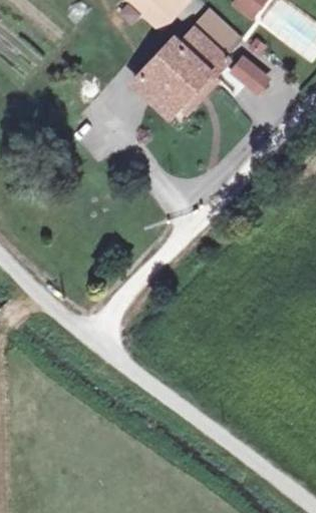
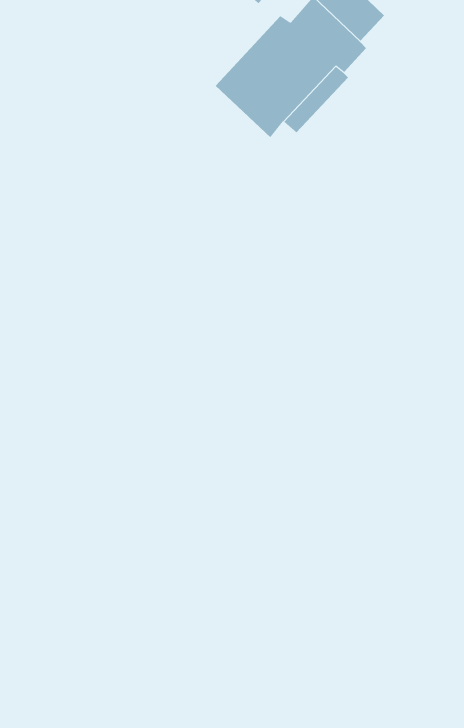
building: [229,52,270,93] -> none

